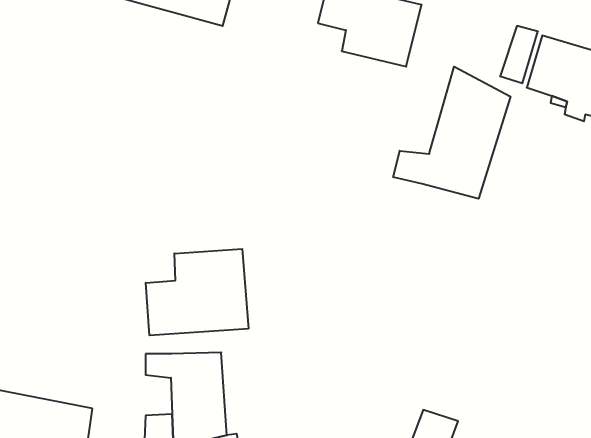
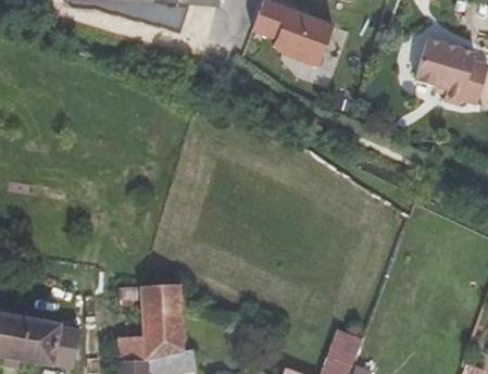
building: [393,67,510,199] -> none
building: [146,249,248,335] -> none

